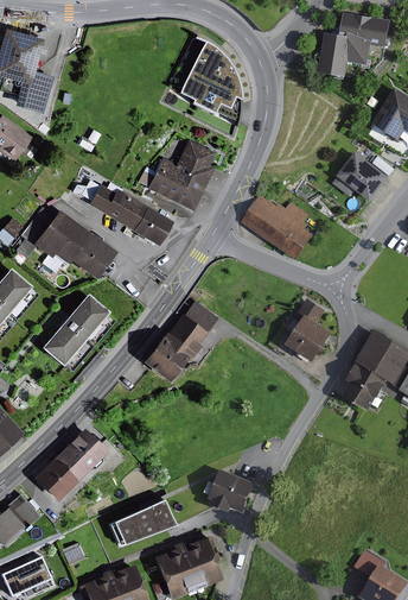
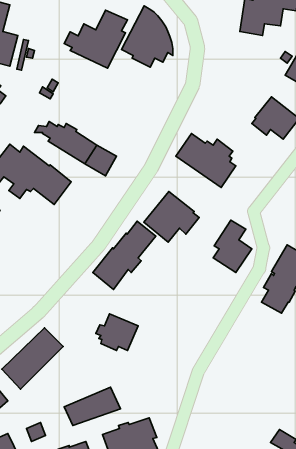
building: [139,141,215,211] -> [64,10,127,68]
building: none -> [144,192,199,242]
building: [39,295,108,367] -> none
building: [205,469,256,513] -> [96,314,138,350]

